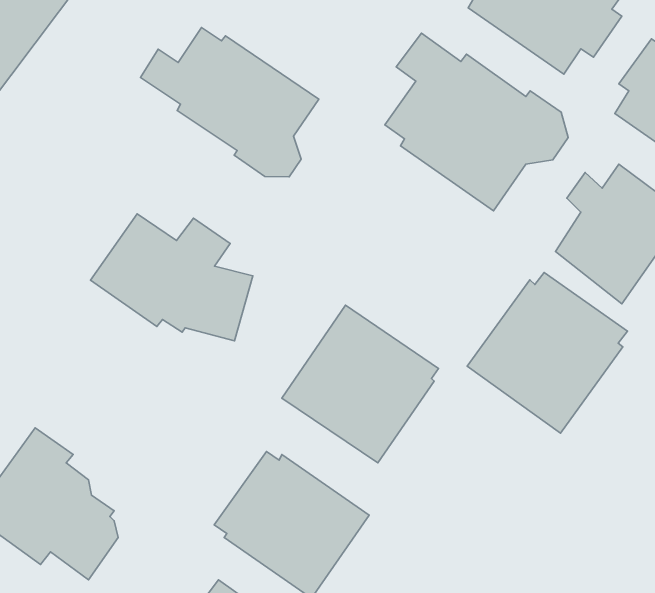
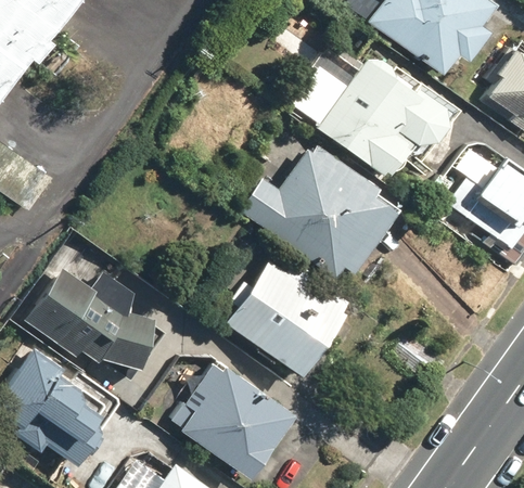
building: [141,27,319,177] -> none
building: none -> [240,146,400,277]
building: [90,214,253,341] -> [29,270,154,368]
building: [467,272,627,433] -> none

